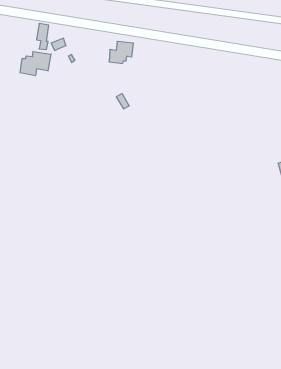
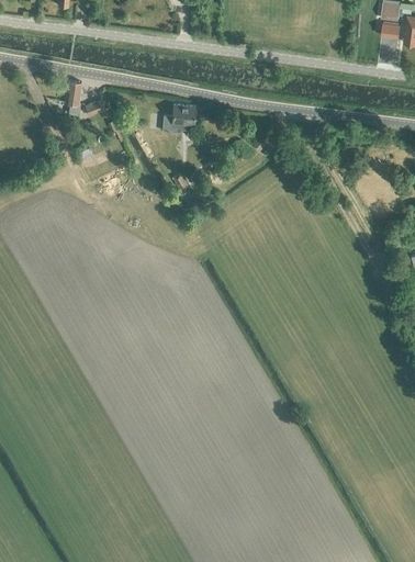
building: [20,51,51,76] -> none

